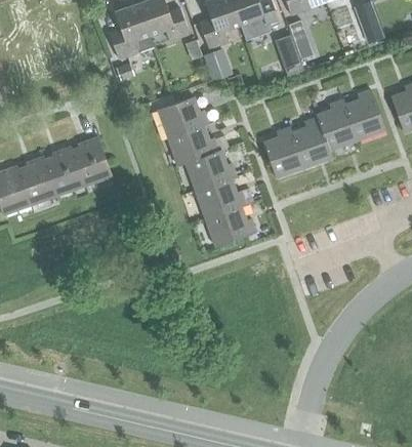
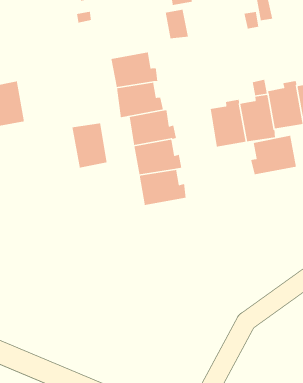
building: [71,137,112,186] -> [72,123,107,168]
building: none -> [250,135,297,175]

